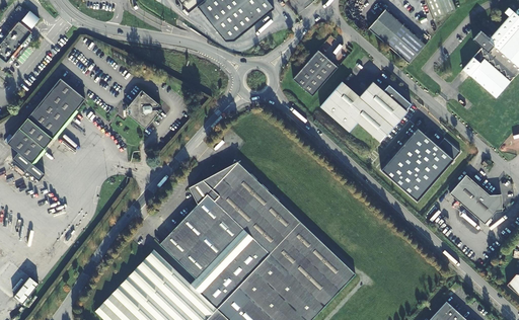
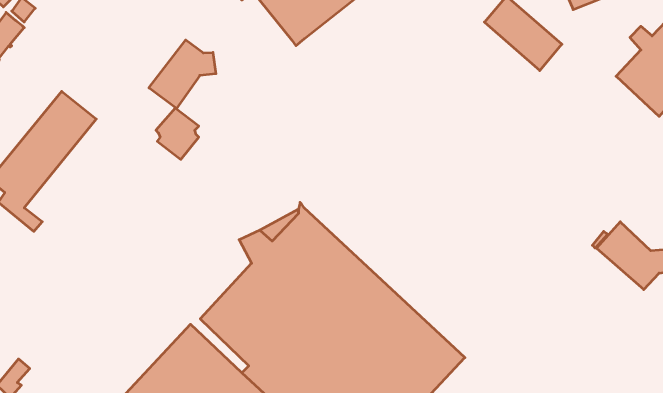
building: none -> [149,40,216,109]
building: [292,50,337,95] -> none
building: [320,80,412,142] -> none
building: [381,130,460,202] -> none

